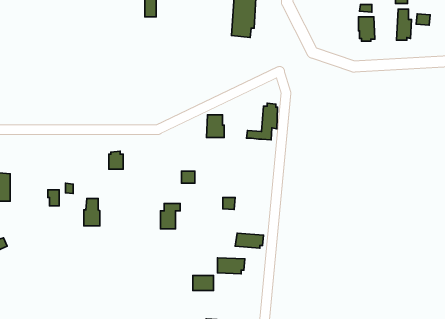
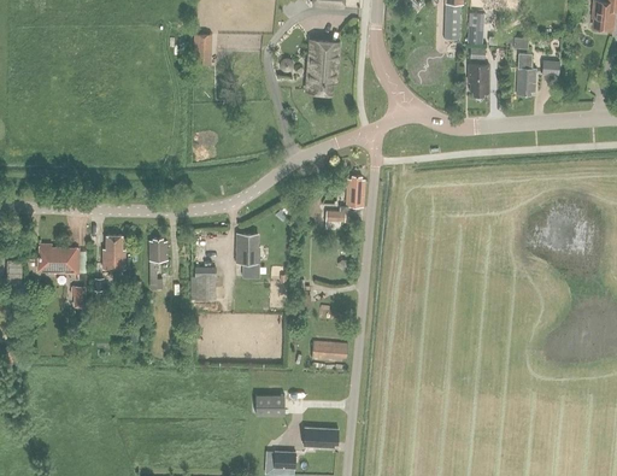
building: [206,115,224,137] -> [236,233,259,261]
building: none -> [39,242,78,271]
building: [84,199,100,226] -> [104,233,124,268]
building: [161,203,180,229] -> [190,266,216,299]
building: [218,258,245,274] -> [304,425,339,446]

